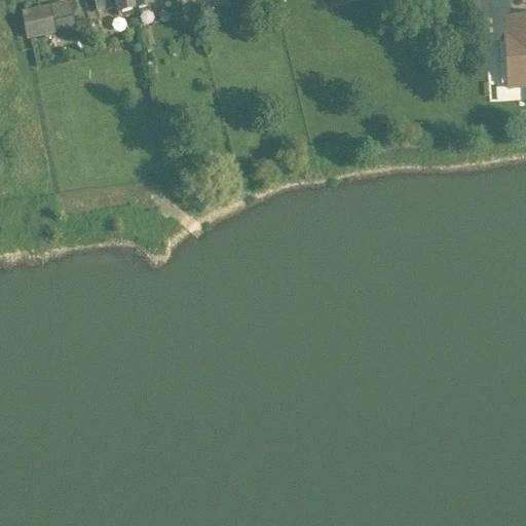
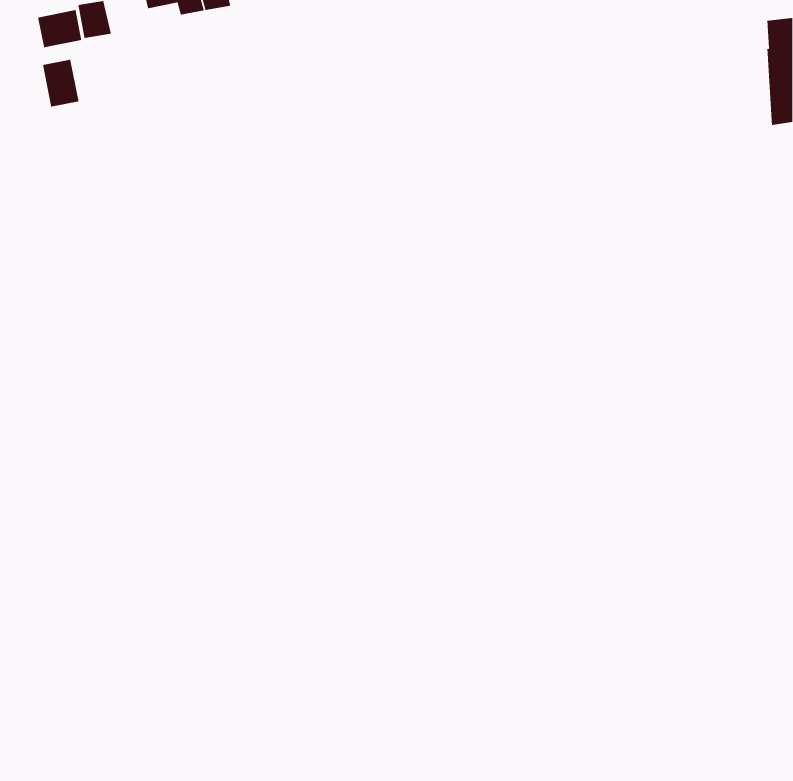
building: none -> [42,59,79,107]

